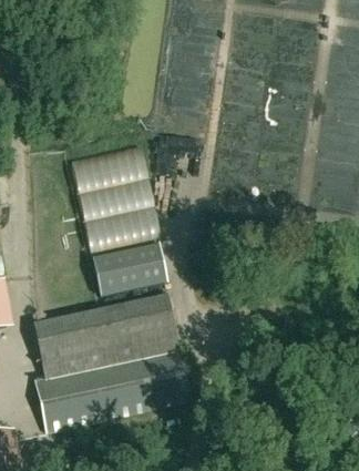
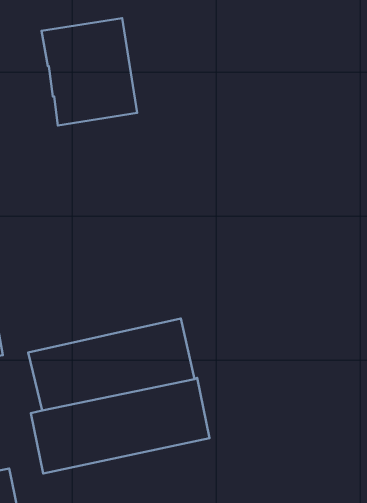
building: [79,153,163,247] -> [41,18,137,125]
building: [91,242,165,295] -> none

